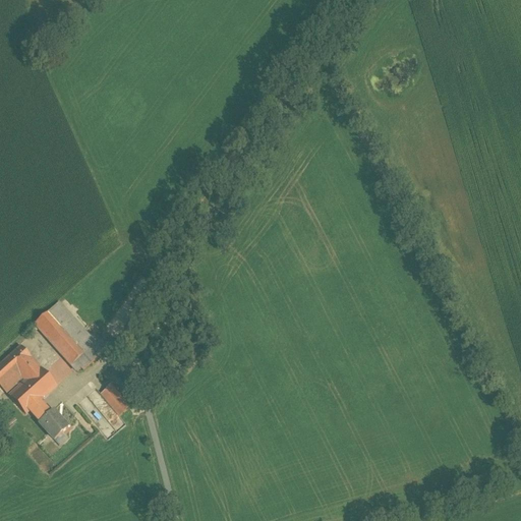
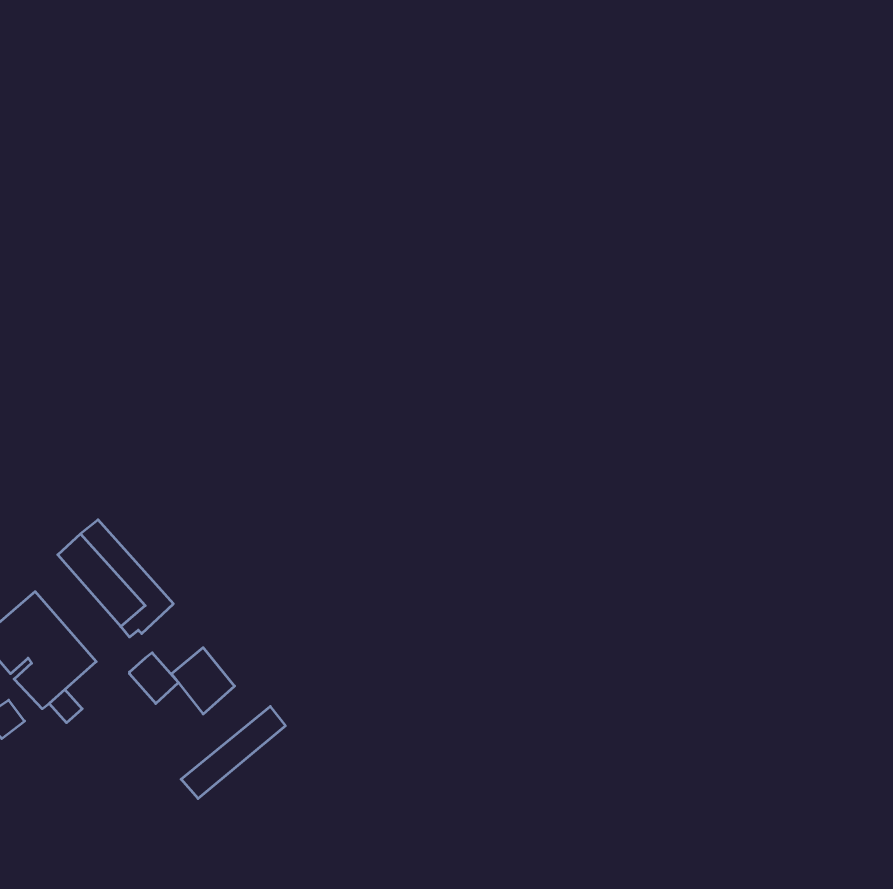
building: [39,409,67,439] -> [129,653,179,704]
building: none -> [181,706,285,799]

